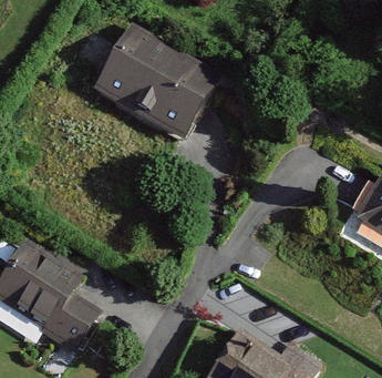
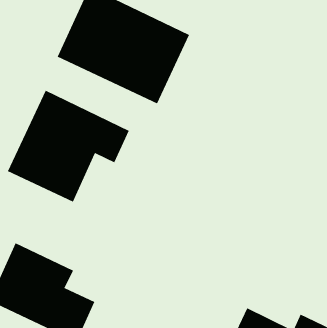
building: none -> [7,90,130,203]

